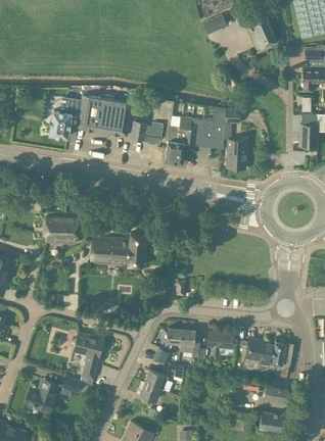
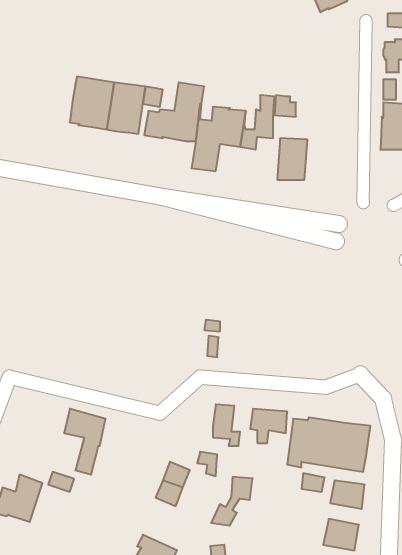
building: [50,97,83,136] -> none
building: [47,216,80,242] -> none
building: [91,232,145,265] -> none
building: [153,327,183,361] -> [211,477,253,526]

